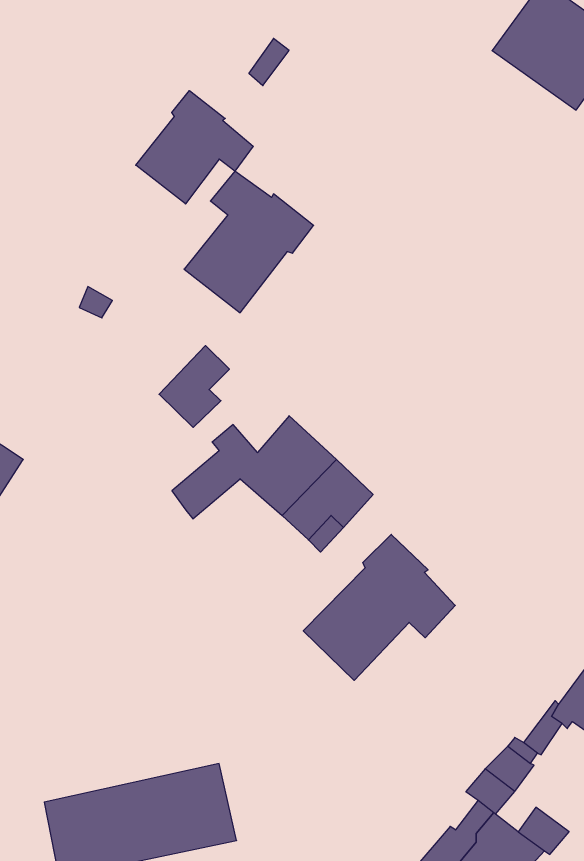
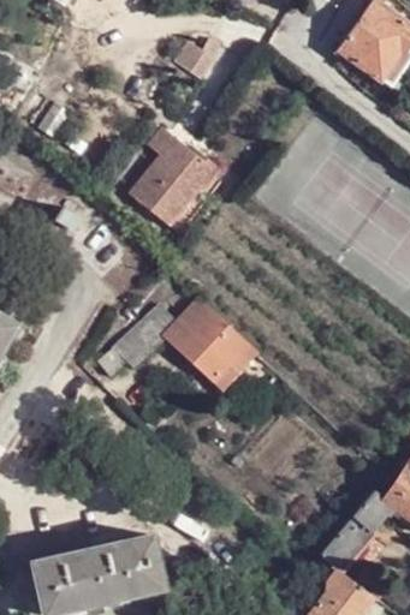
building: [136,91,253,204] -> none
building: [159,346,229,427] -> none
building: [303,534,455,680] -> none

